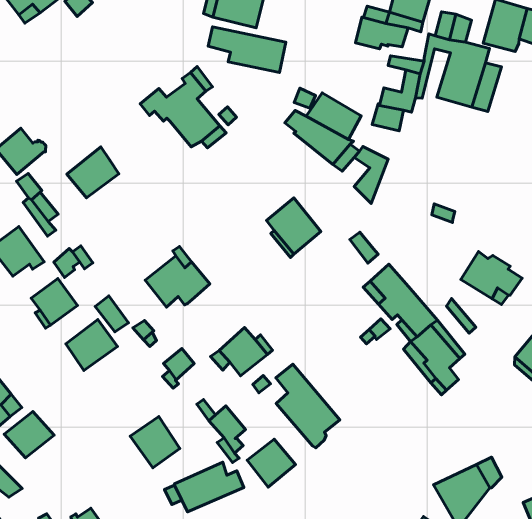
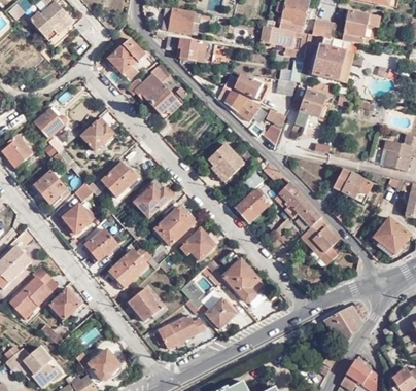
building: none -> [107,39,145,80]
building: none -> [291,86,334,132]
building: none -> [102,165,134,196]
building: none -> [236,188,268,220]
building: none -> [154,204,195,244]
building: none -> [109,248,148,286]

